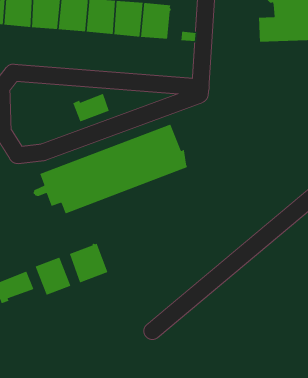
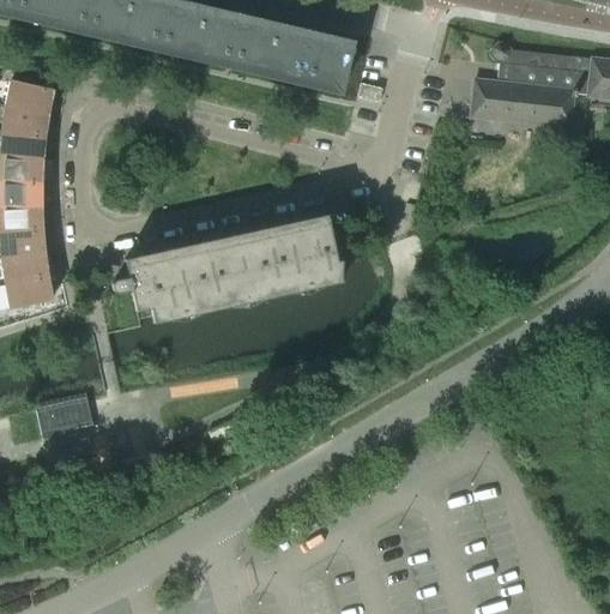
building: [72,93,110,122] -> none
building: [69,243,109,283] -> none
building: [35,256,71,296] -> none

